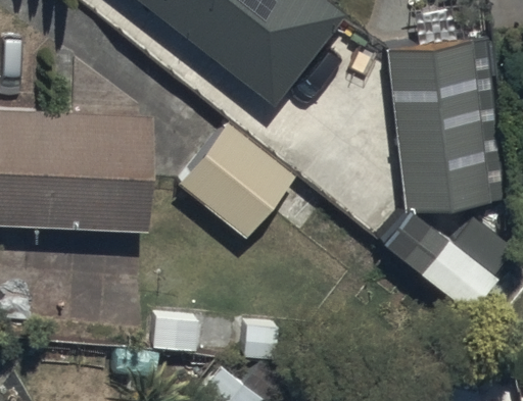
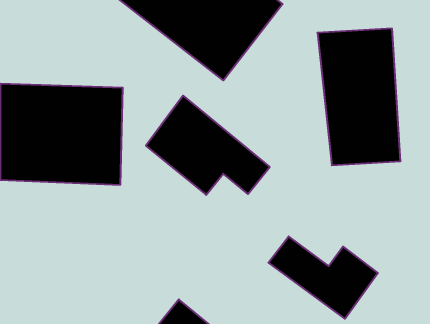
building: [381,207,513,306] -> [268,236,378,319]

